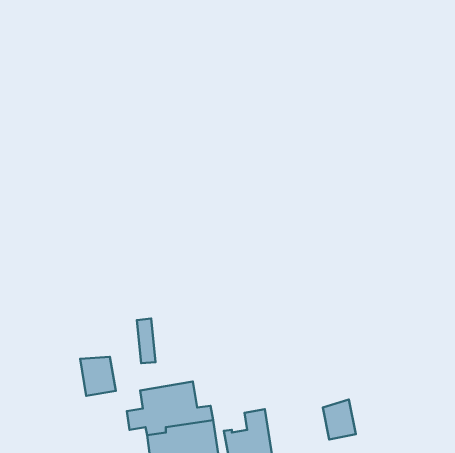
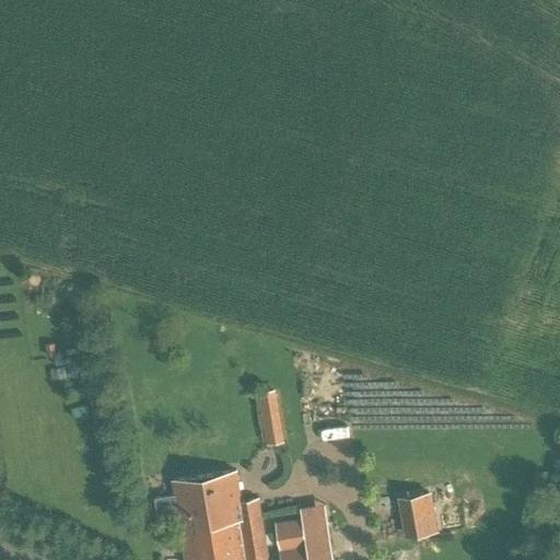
building: [137,318,156,363] -> [258,389,281,444]
building: [80,357,116,396] -> none

